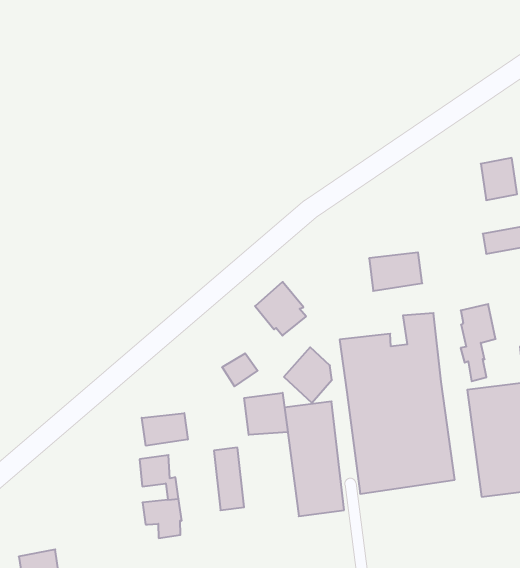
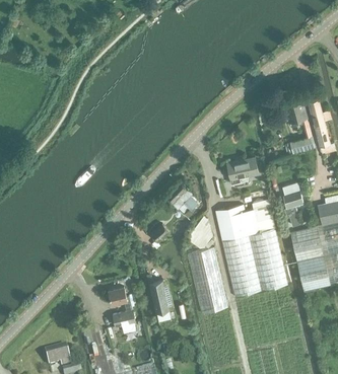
building: [244,393,288,435] -> none
building: [142,413,188,446] -> none

